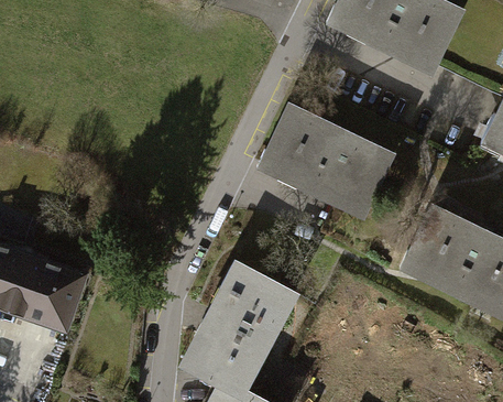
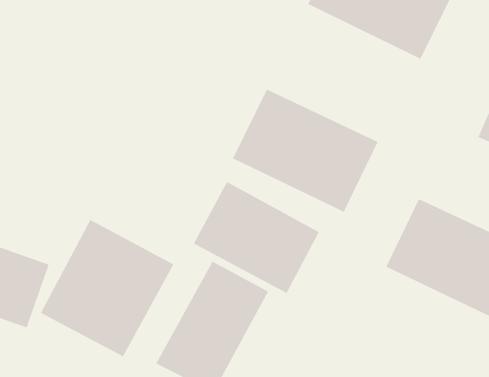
building: none -> [193,181,320,294]
building: none -> [40,219,174,357]

